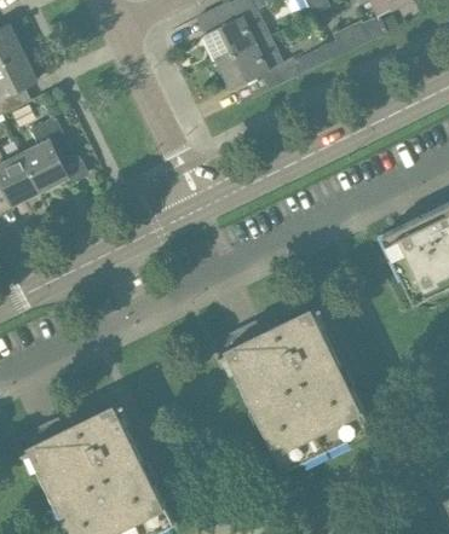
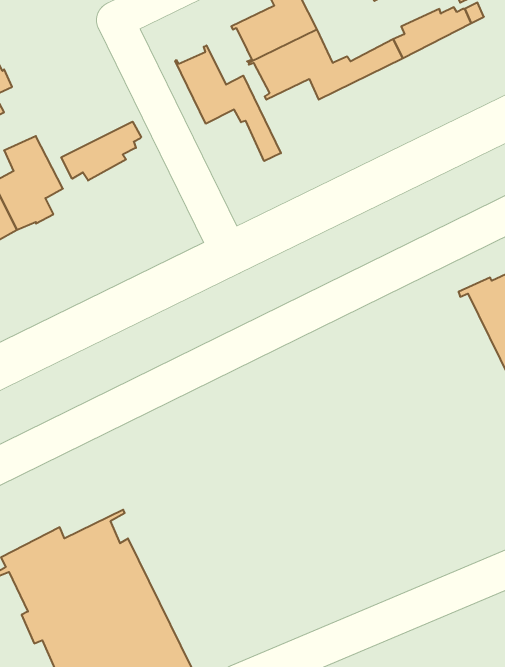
building: none -> [175,45,281,161]
building: none -> [61,122,141,181]
building: [218,307,370,471] -> none

